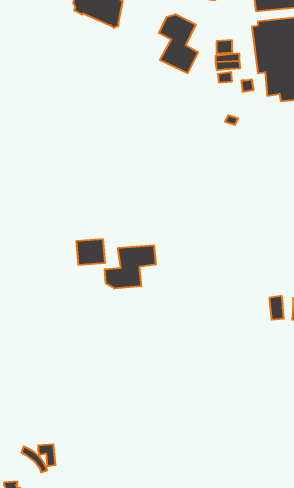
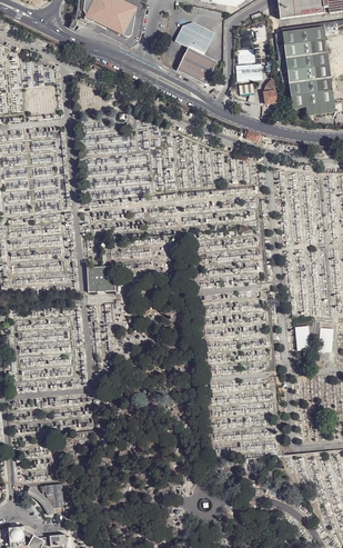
building: [105,245,156,289] -> none

